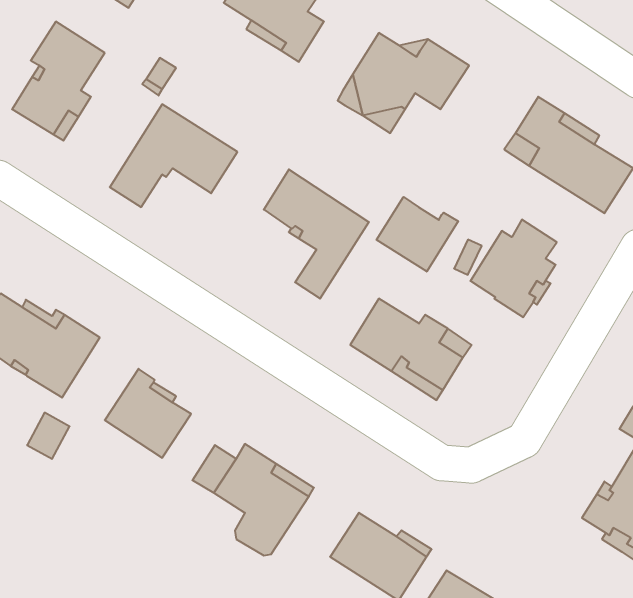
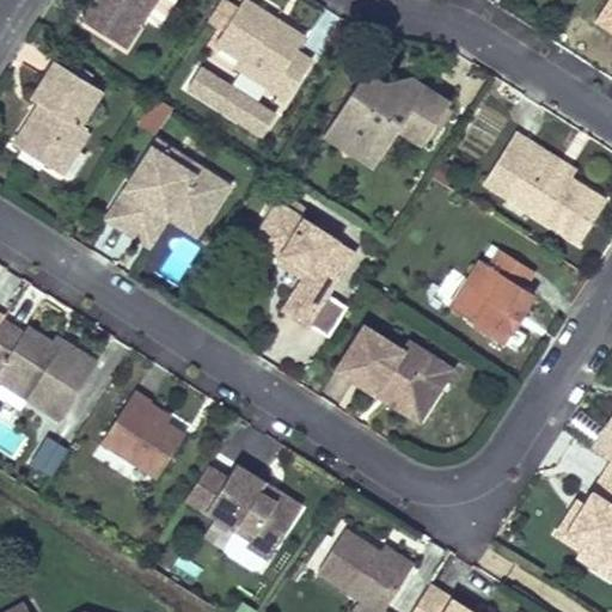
building: none -> [189,68,276,136]
building: none -> [137,201,204,246]
building: [377,197,458,272] -> none

